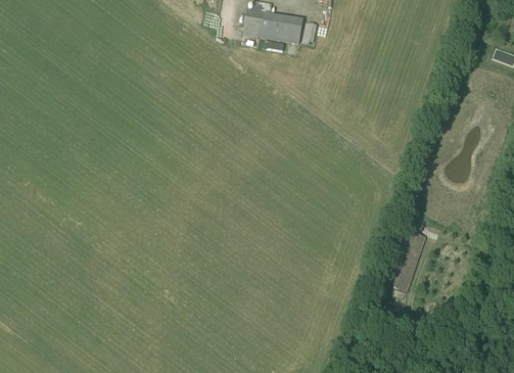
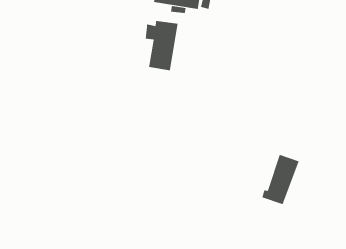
building: none -> [145,20,178,71]

